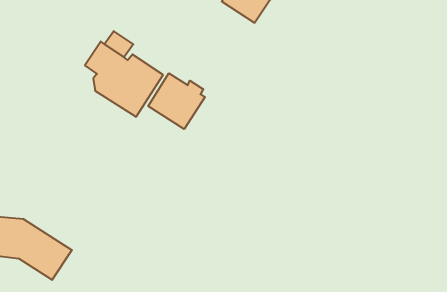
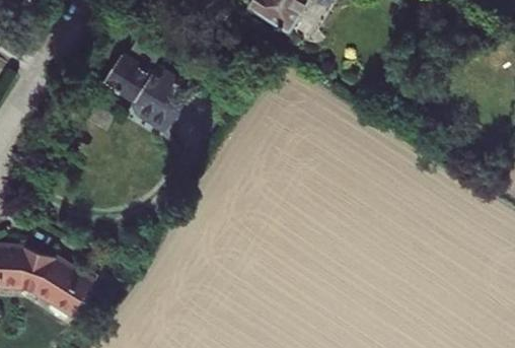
building: [148,73,205,129] -> none

